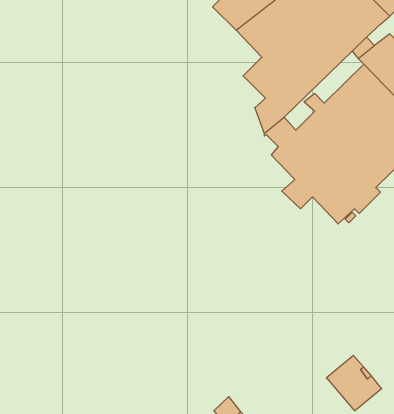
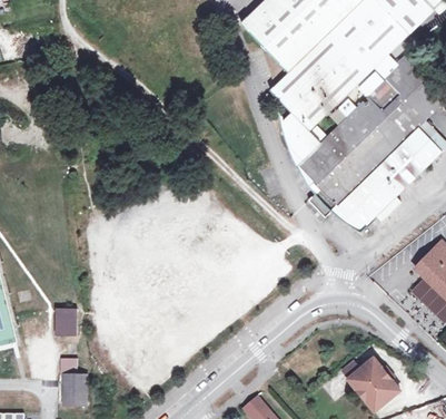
building: none -> [54,308,75,337]
building: none -> [60,358,85,405]

